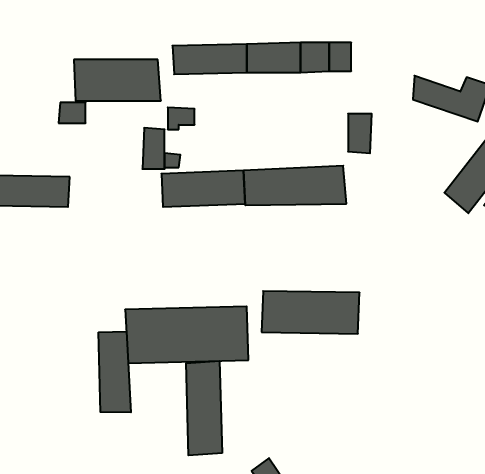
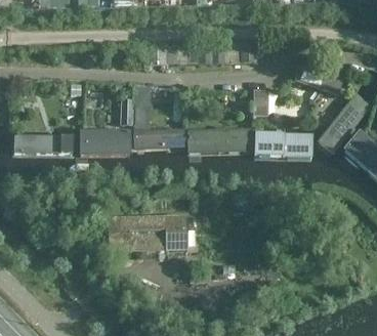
building: [74,60,161,101] -> [77,130,133,157]
building: [262,291,360,334] -> [253,128,317,156]
building: [99,332,131,412] -> none
building: [186,361,222,455] -> none

